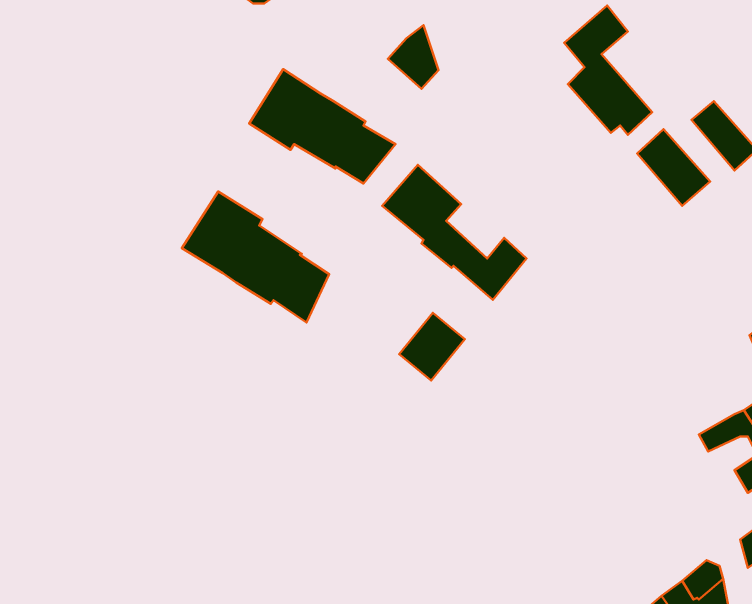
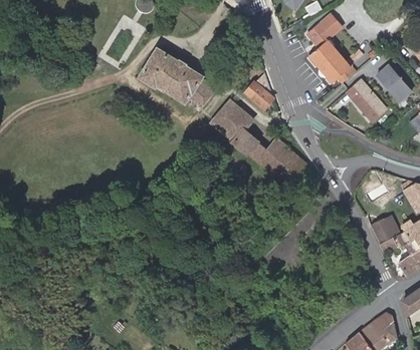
building: [388,25,438,89] -> [245,73,272,107]
building: [182,192,329,322] -> none
building: [399,313,465,380] -> [269,149,304,186]
building: none -> [371,215,399,244]

